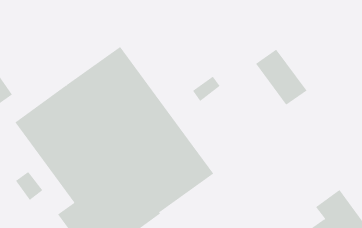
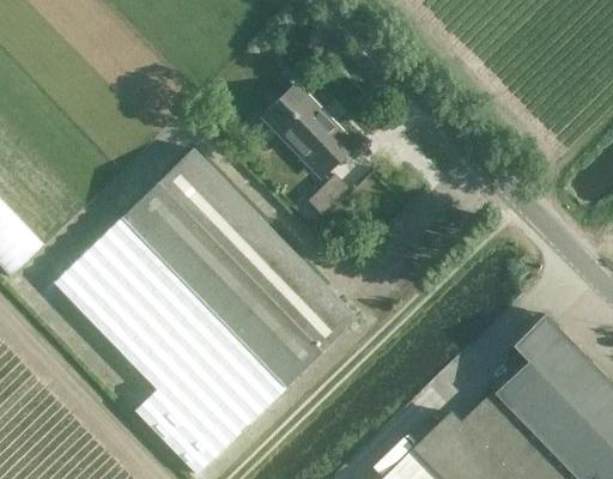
building: [255,49,307,106] -> [267,90,350,171]
building: [15,171,43,201] -> none

